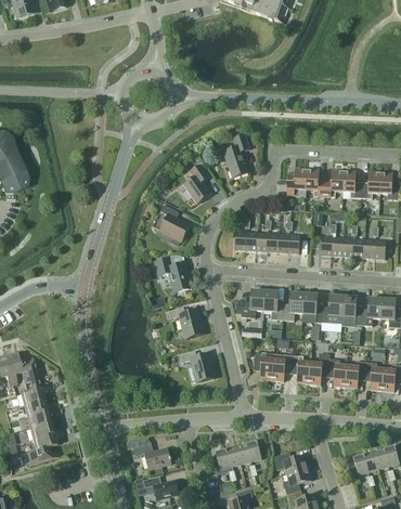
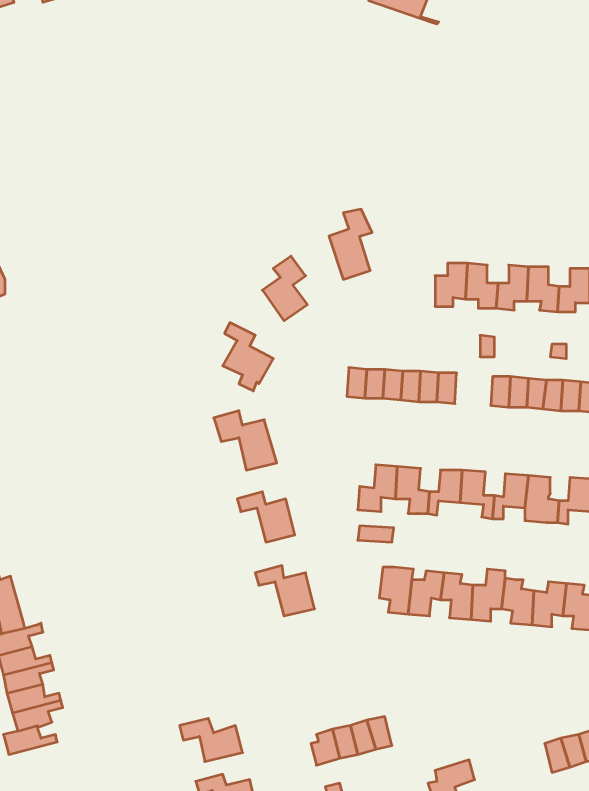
building: [272,452,307,473] -> none

